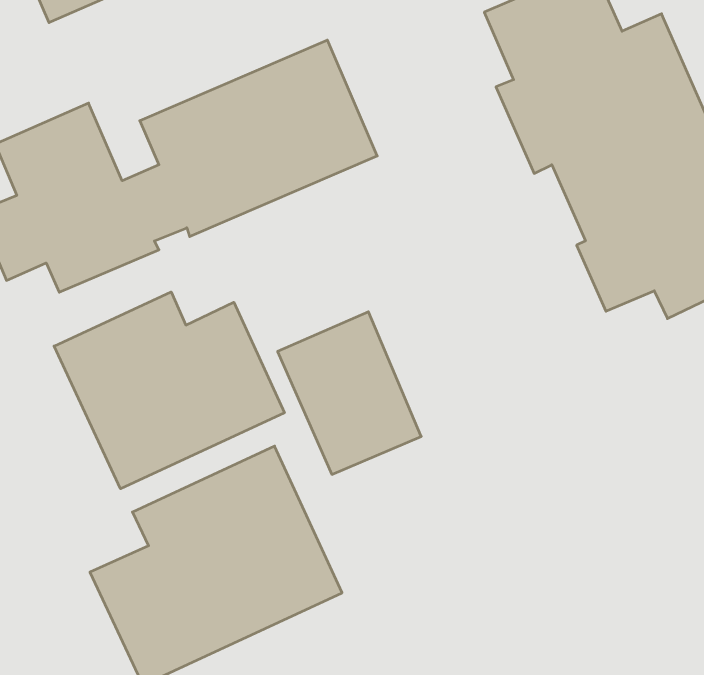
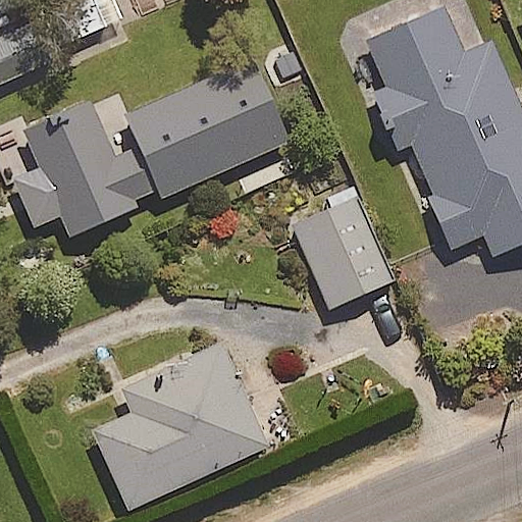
building: [54,292,284,489] -> none
building: [278,312,421,474] -> [292,194,392,307]

